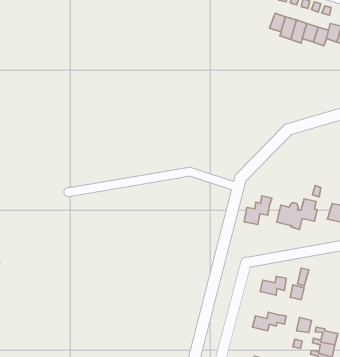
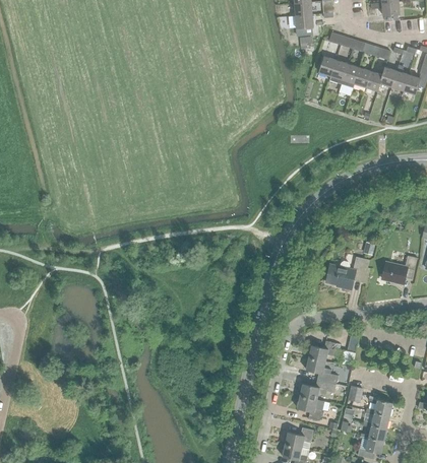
building: [244,196,272,225] -> none
building: none -> [306,356,338,383]
building: none -> [297,395,323,420]

